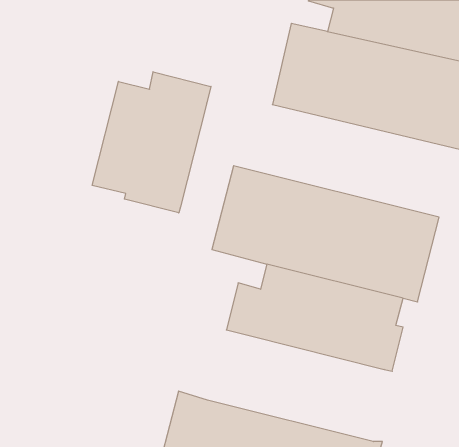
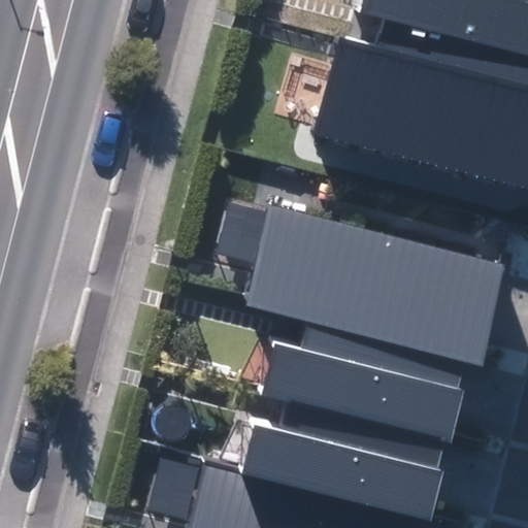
building: [92,72,211,213] -> none
building: none -> [239,399,441,521]

